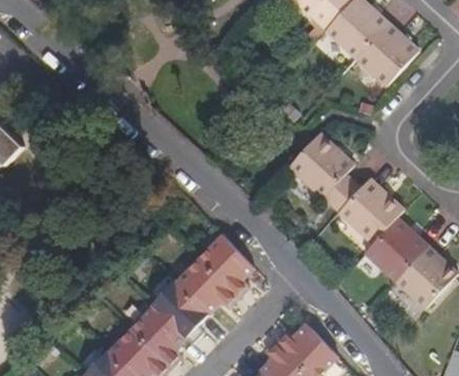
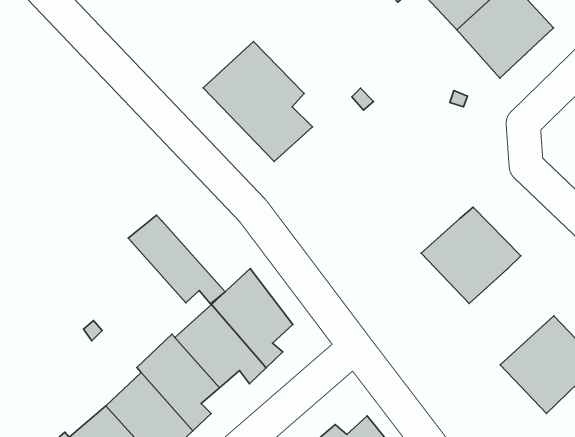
building: [286,132,361,210] -> [203,42,312,162]
building: none -> [128,215,225,304]
building: [362,216,428,281] -> none

